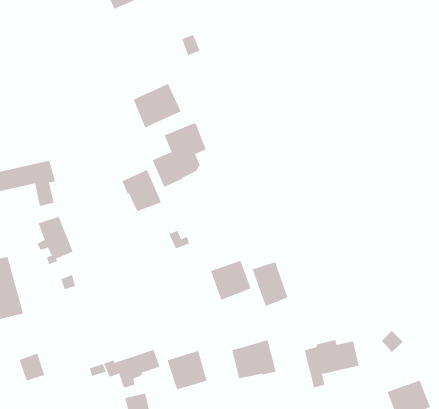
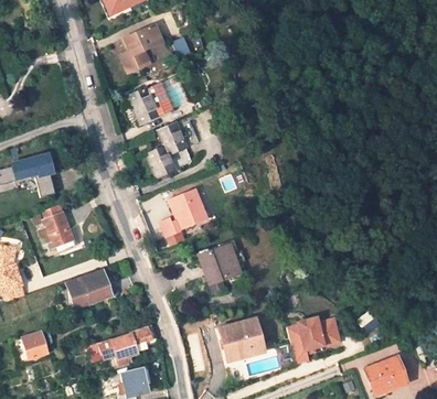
building: none -> [120,24,162,72]
building: [121,169,162,212] -> [169,188,206,228]
building: [252,261,288,307] -> none
building: none -> [66,270,111,304]
building: [167,350,207,390] -> none

